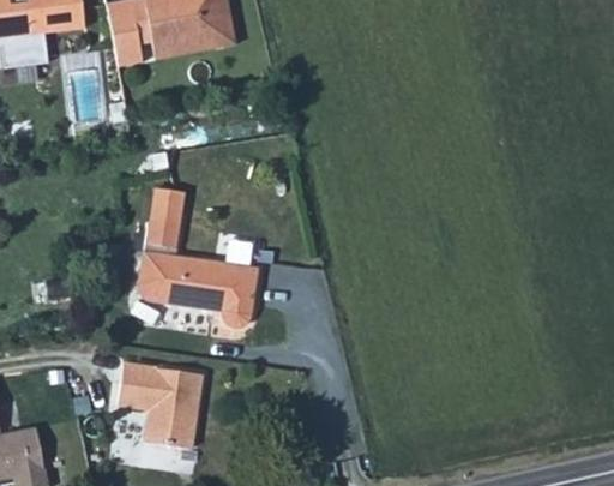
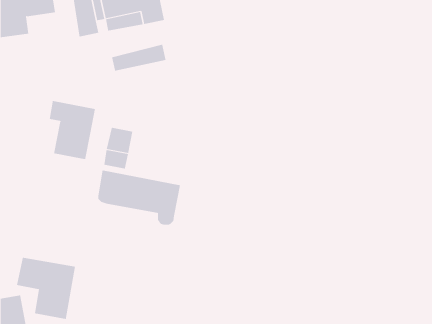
building: none -> [111,44,166,71]
building: none -> [49,100,96,160]
building: [118,364,201,451] -> [16,257,76,319]

